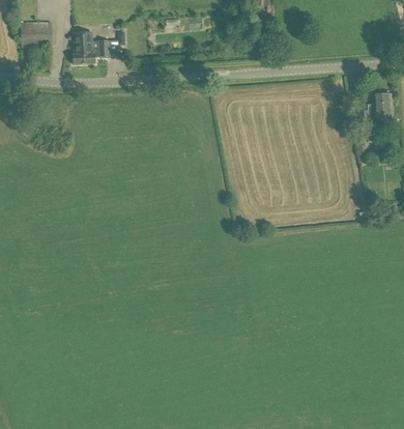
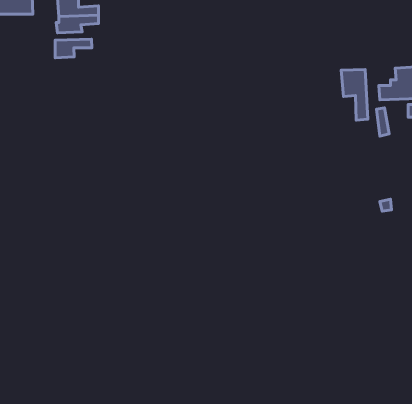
building: none -> [55,39,92,58]
building: none -> [341,70,368,120]

